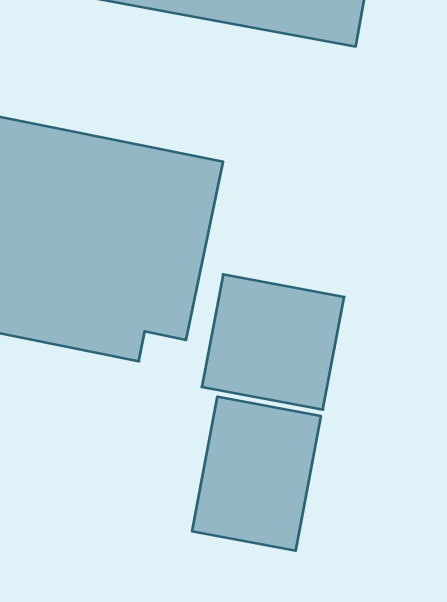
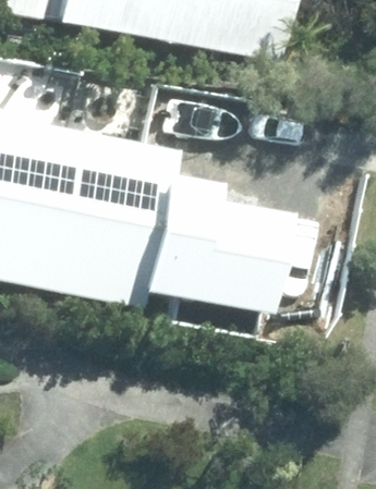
building: [192,397,321,551] -> none

